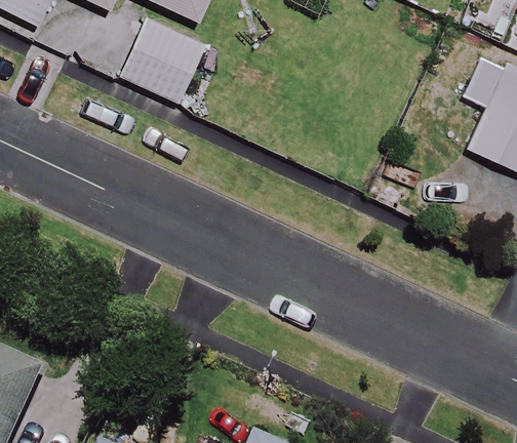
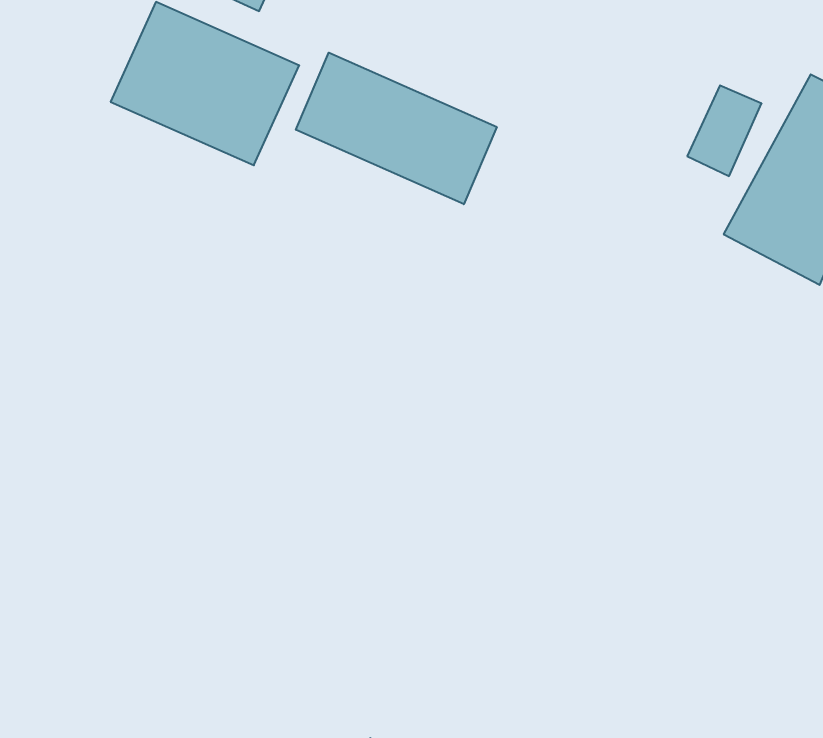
building: none -> [296,53,497,204]

